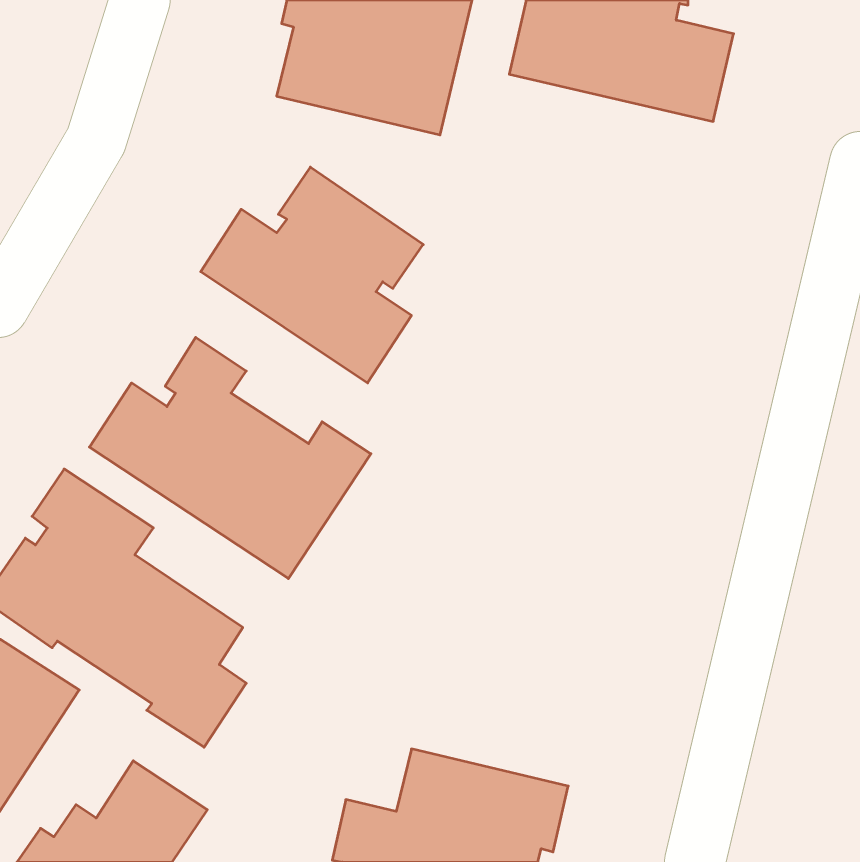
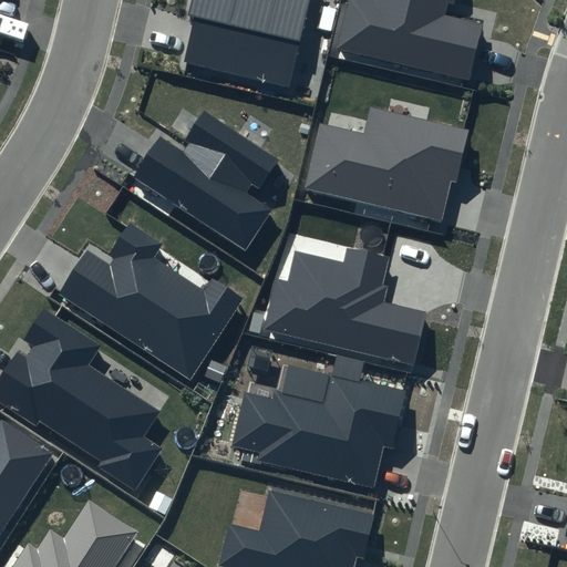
building: none -> [302,107,468,221]
building: none -> [261,249,424,367]
building: none -> [233,354,405,486]

